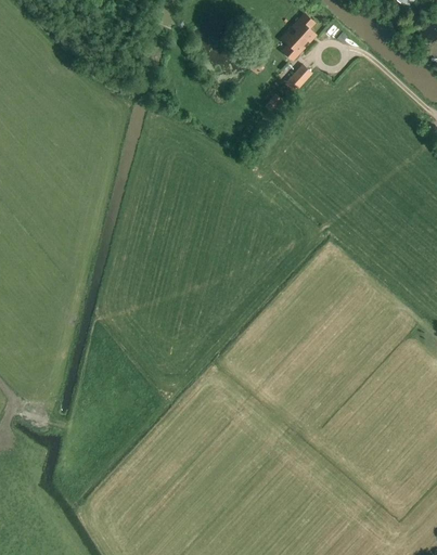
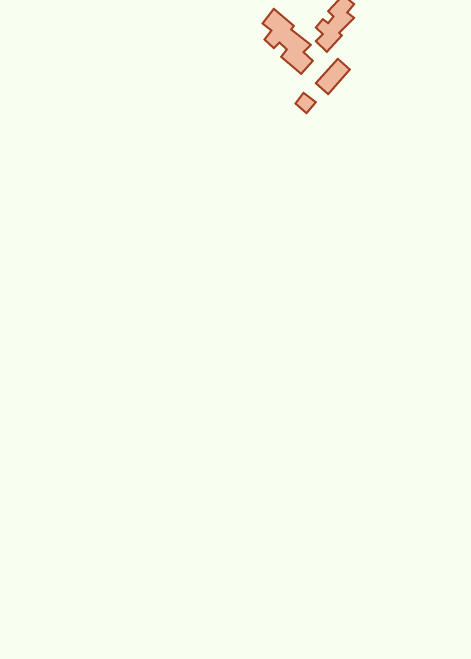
building: none -> [263,9,313,74]

